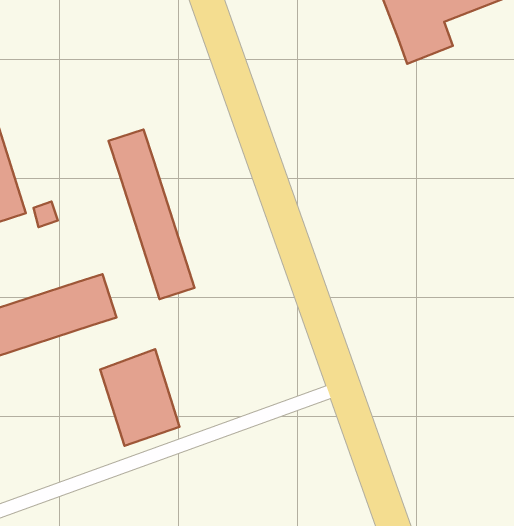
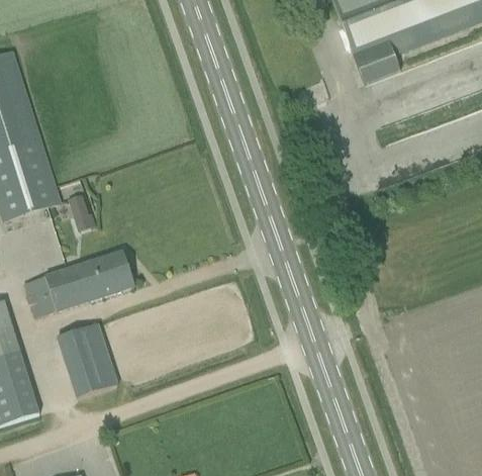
building: [108,130,195,299] -> none
building: [100,349,179,446] -> [56,321,118,398]

